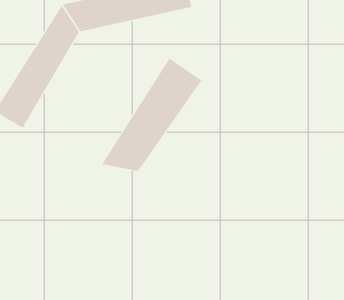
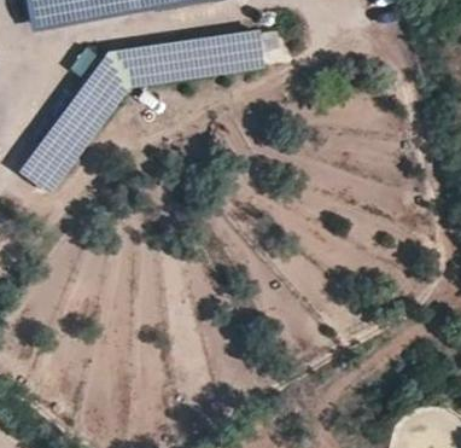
building: [102,58,202,172] -> none

